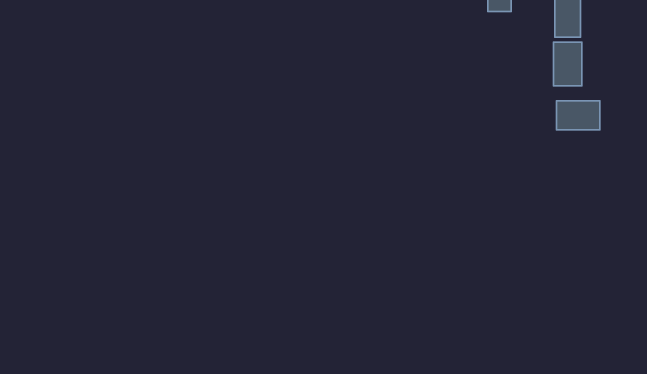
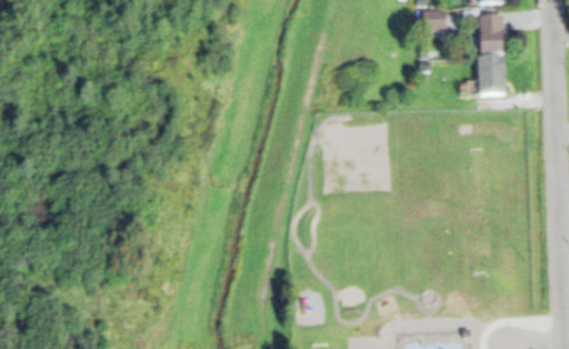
building: [557,101,600,130] -> none

